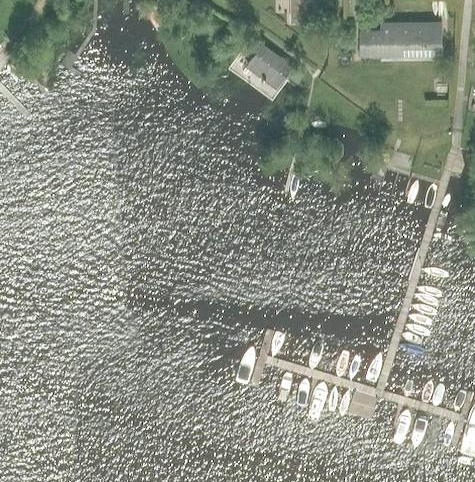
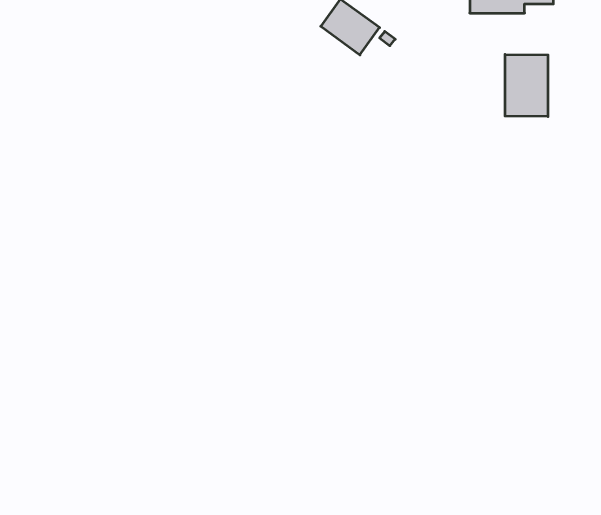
building: none -> [505,54,548,117]

